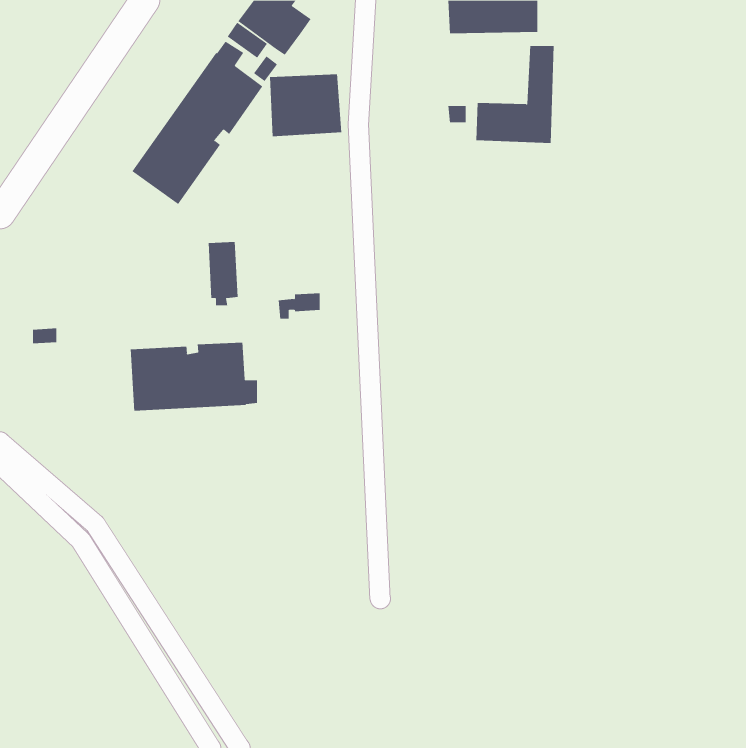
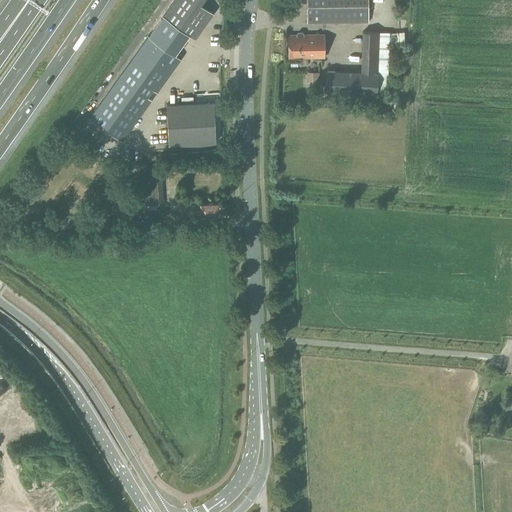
building: none -> [289,34,325,57]
building: [269,74,342,137] -> [167,101,217,144]
building: [130,342,258,412] -> none

